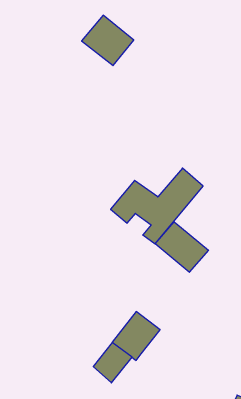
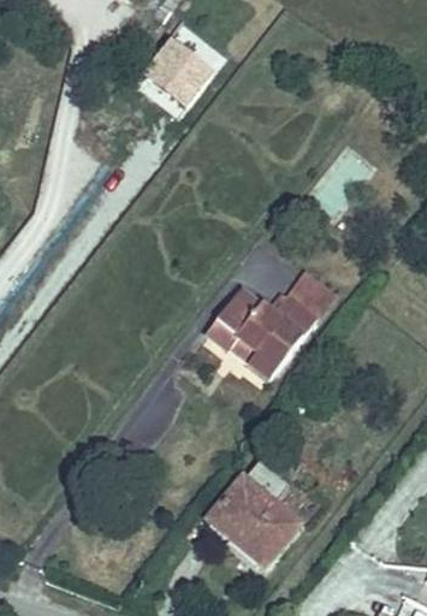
building: [155,222,208,272] -> none
building: [93,342,132,383] -> [244,504,301,563]

